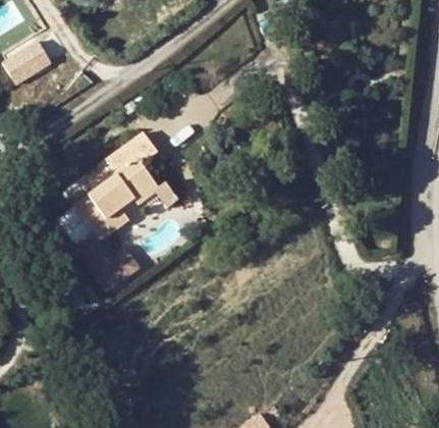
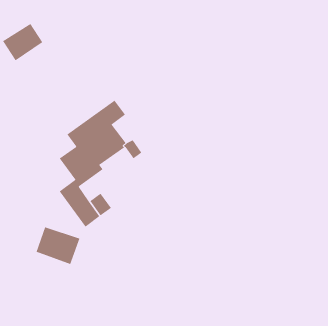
building: none -> [36,227,80,265]

